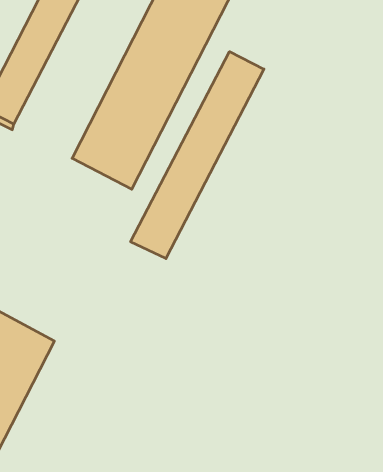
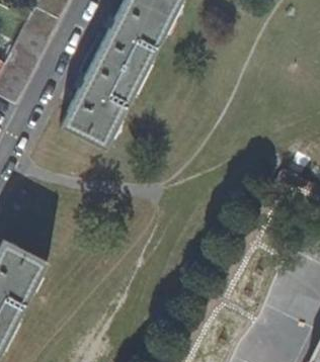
building: [131,52,264,259] -> none

